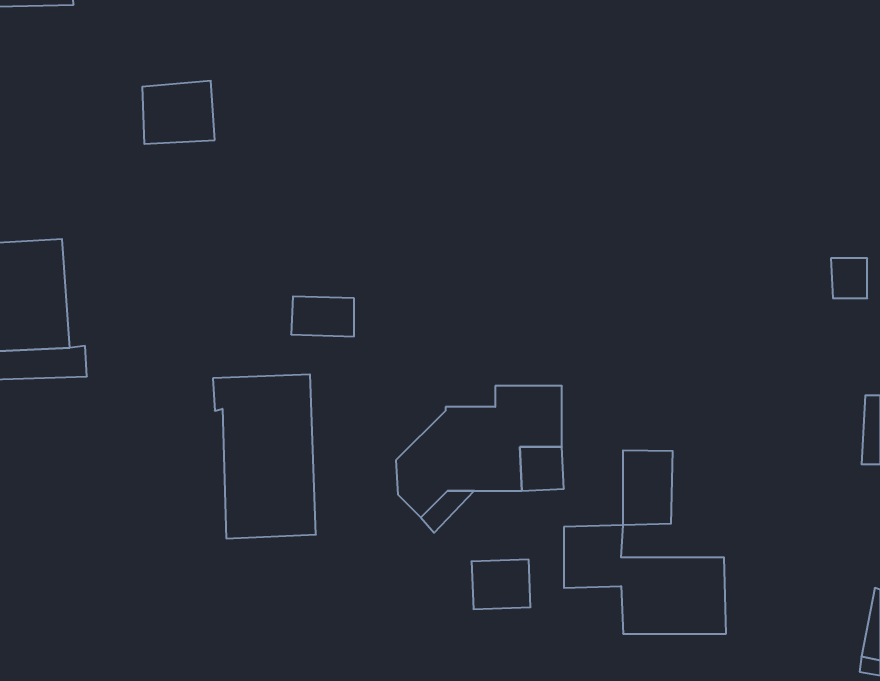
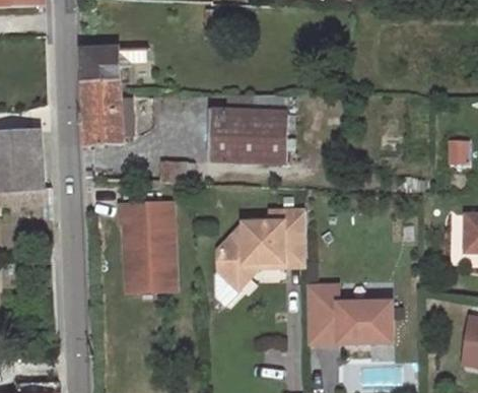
building: none -> [82,78,124,146]
building: none -> [211,97,287,162]
building: [623,450,673,525] -> none
building: [471,560,531,609] -> [305,316,337,342]

